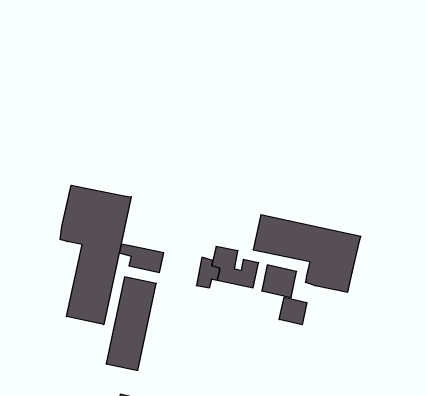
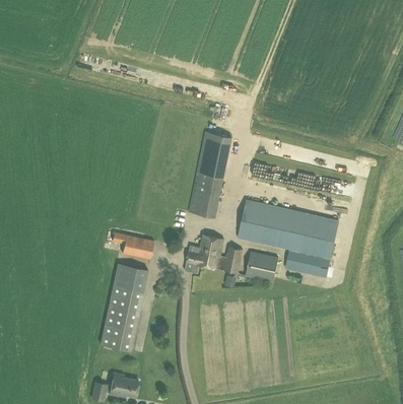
building: none -> [188,130,232,216]
building: [60,185,131,325] -> none
building: [279,297,307,325] -> none

